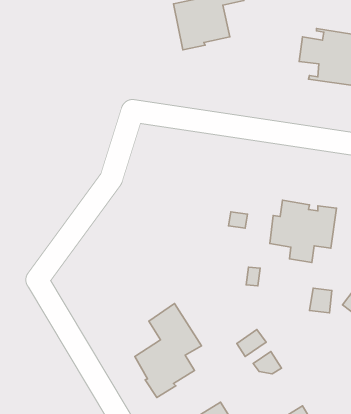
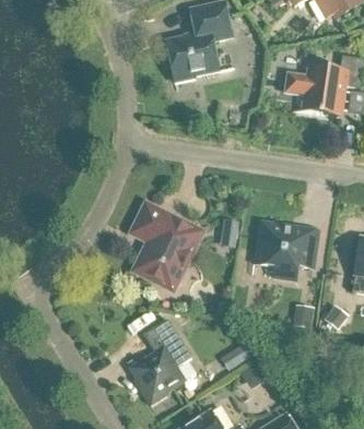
building: none -> [133,206,198,286]

